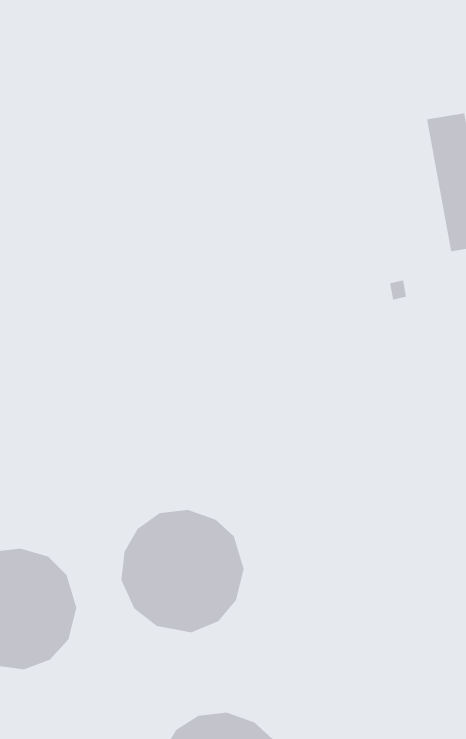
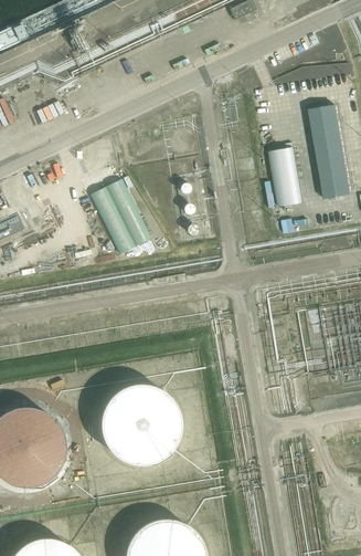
building: none -> [269,149,302,210]
building: none -> [89,181,151,256]

